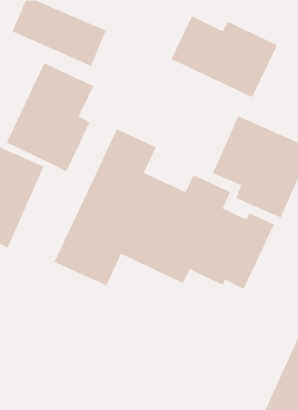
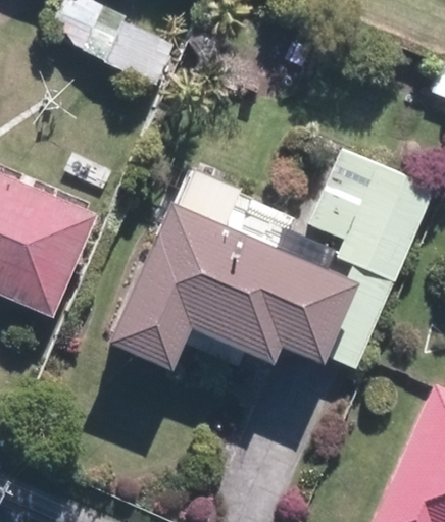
building: [170,15,278,98] -> none
building: [6,62,95,172] -> none

